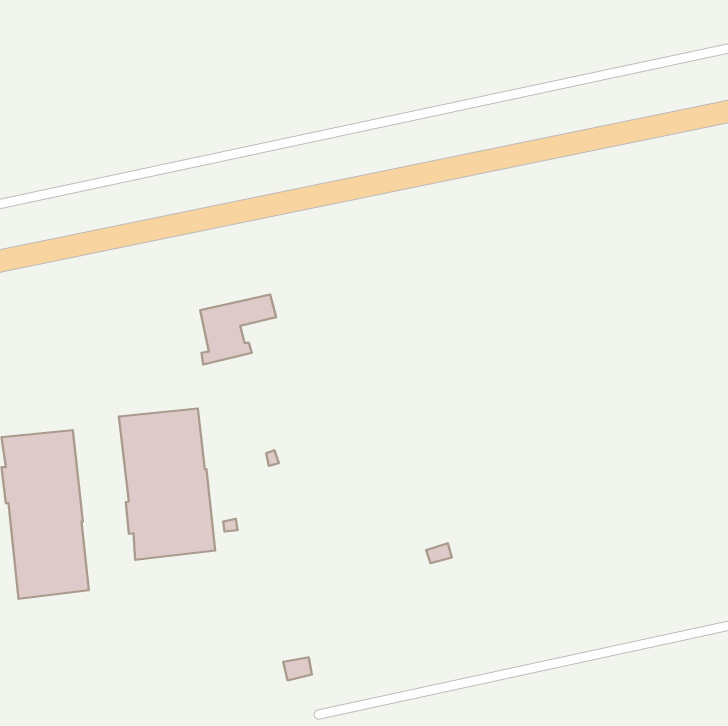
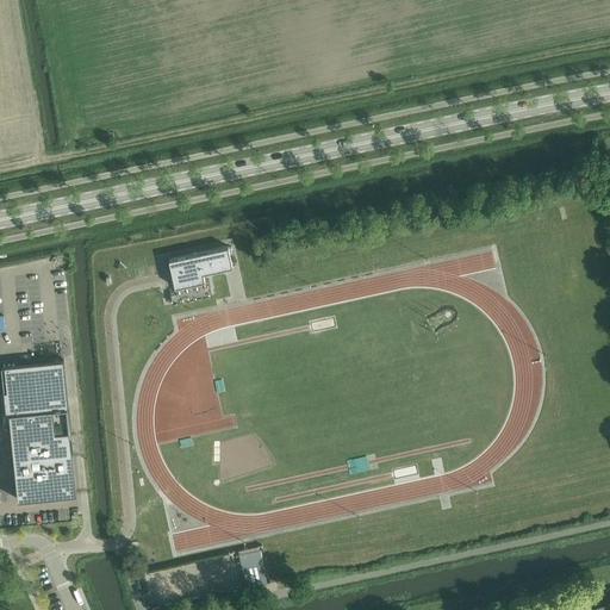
building: [119,409,215,560] -> none

